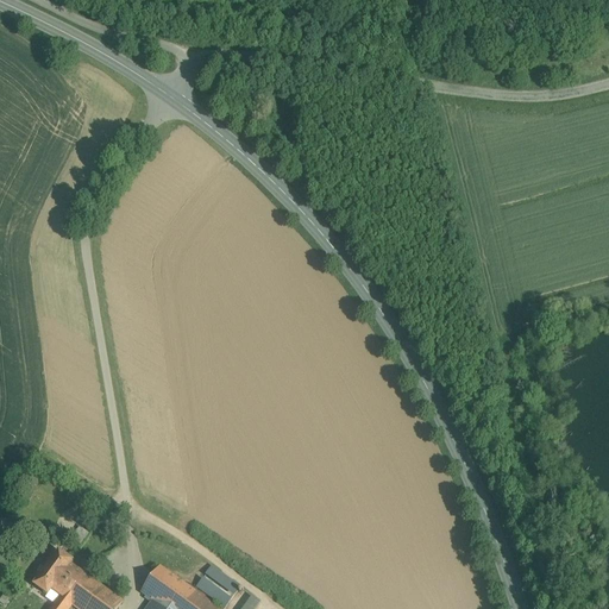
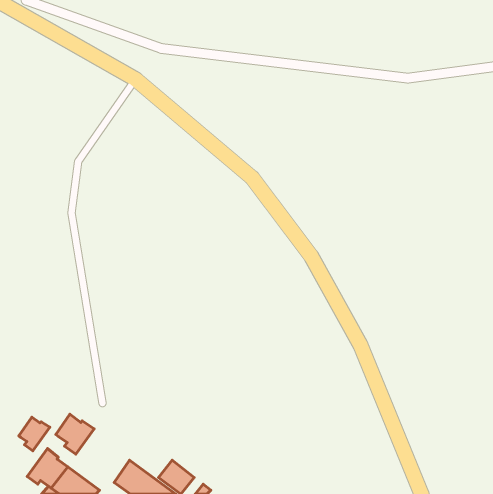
building: none -> [56,414,94,454]
building: none -> [19,417,50,451]

